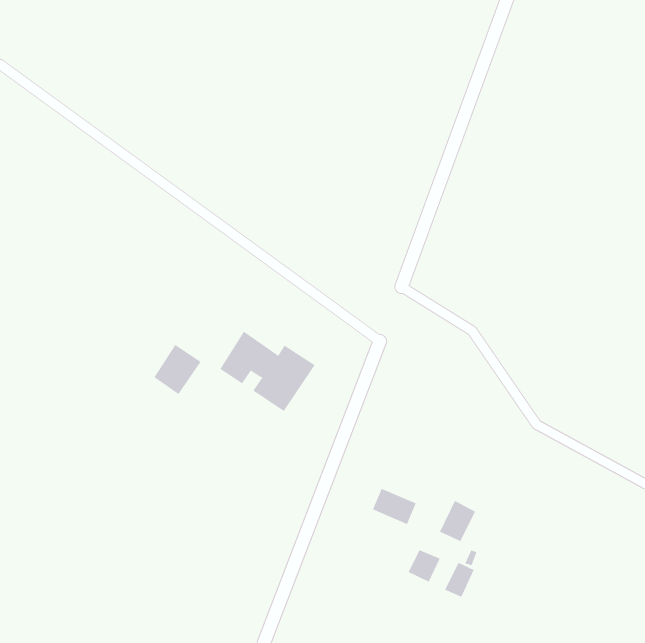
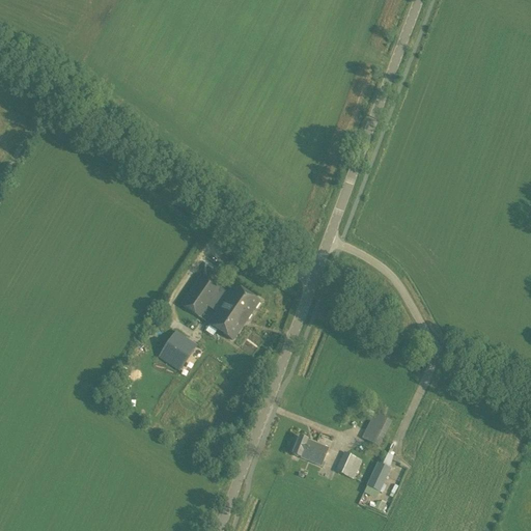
building: [153,344,201,395] -> [158,329,197,370]
building: [372,488,416,525] -> [292,435,329,465]

